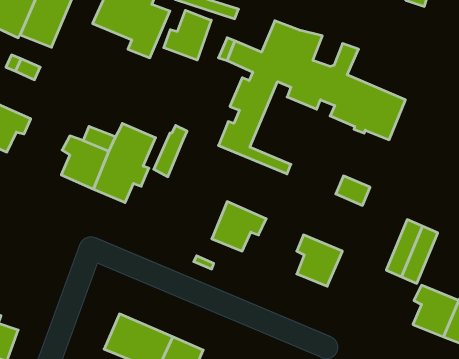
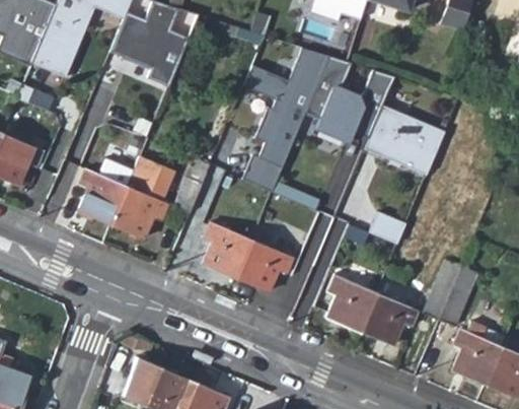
building: [164,10,211,60] -> none
building: none -> [203,221,252,278]
building: none -> [359,291,418,343]

